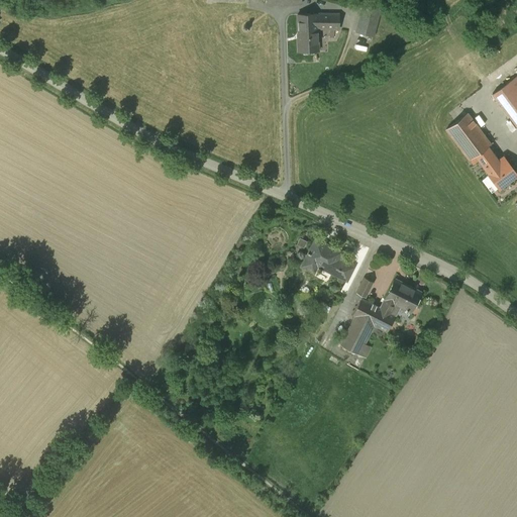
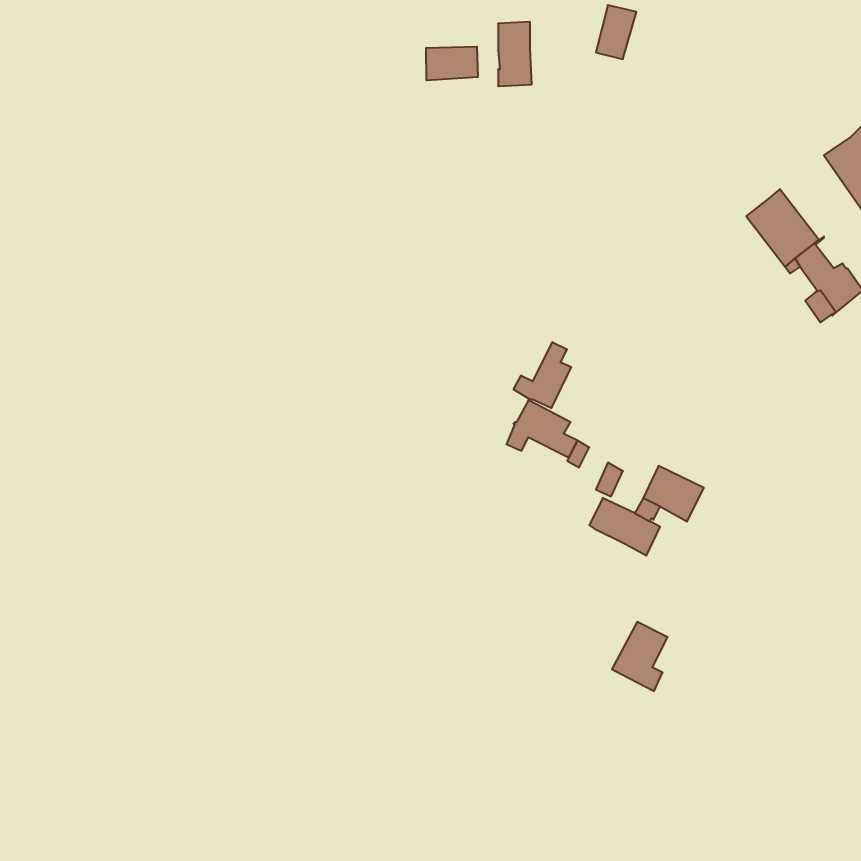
building: [318,14,348,30] -> none
building: none -> [426,47,478,80]
building: none -> [514,342,571,408]
building: [341,317,375,358] -> [612,622,668,691]

